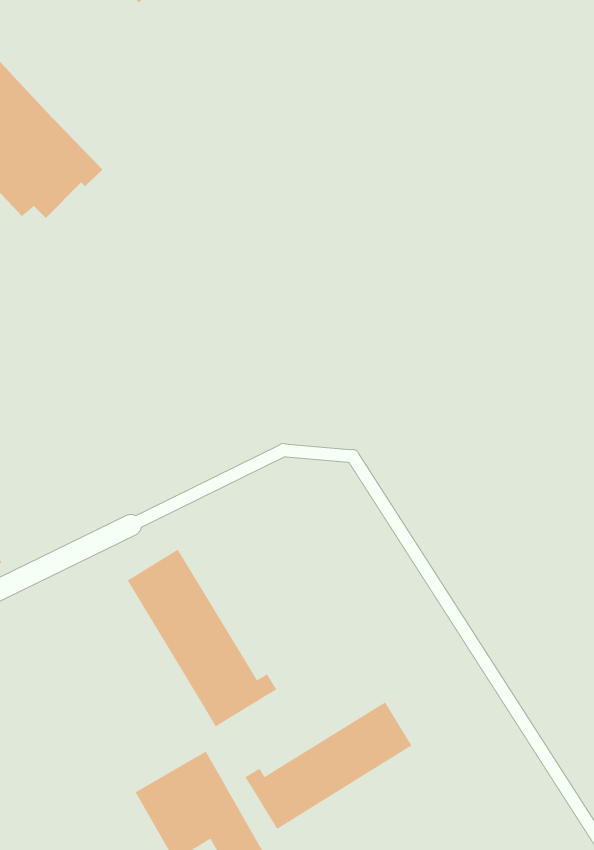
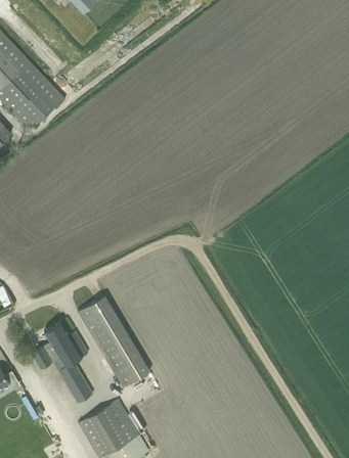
building: none -> [31,321,92,402]
building: [244,702,412,829] -> none

